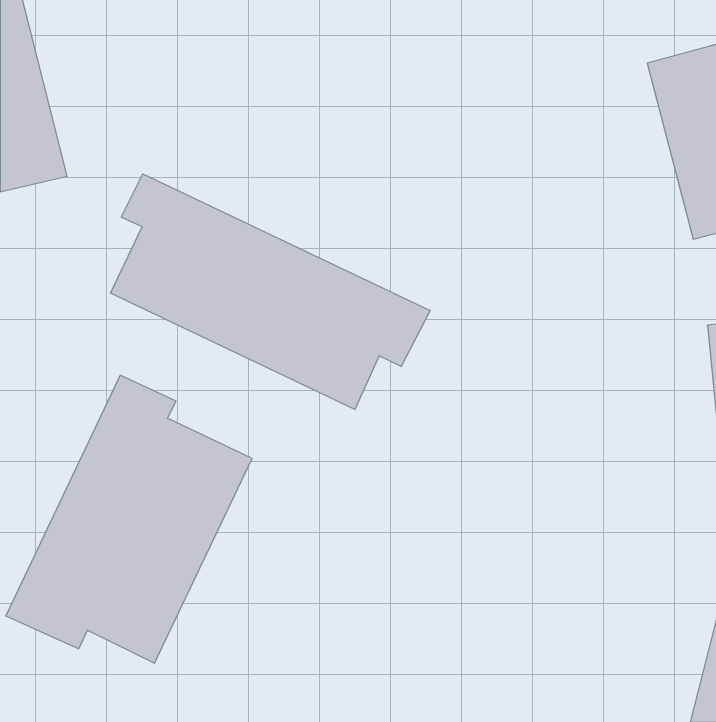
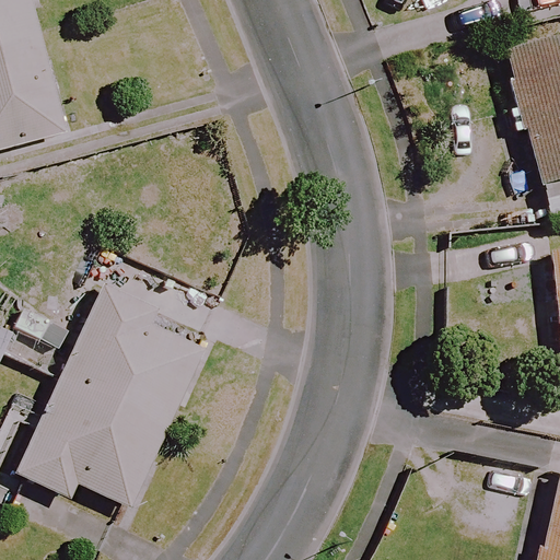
building: [110,174,430,410] -> none

